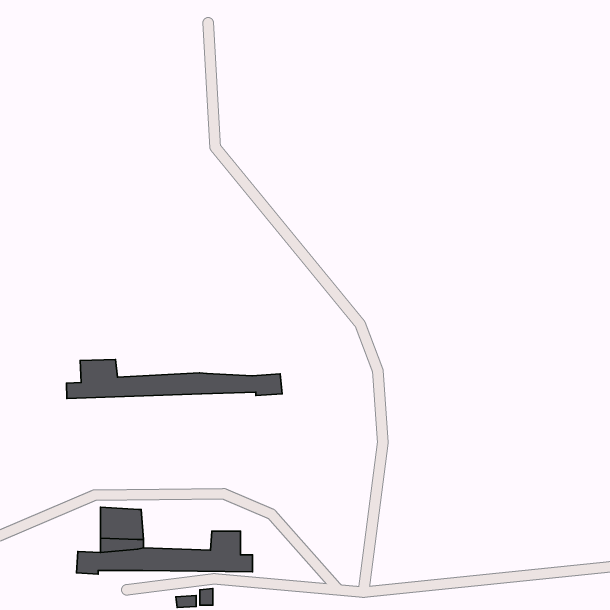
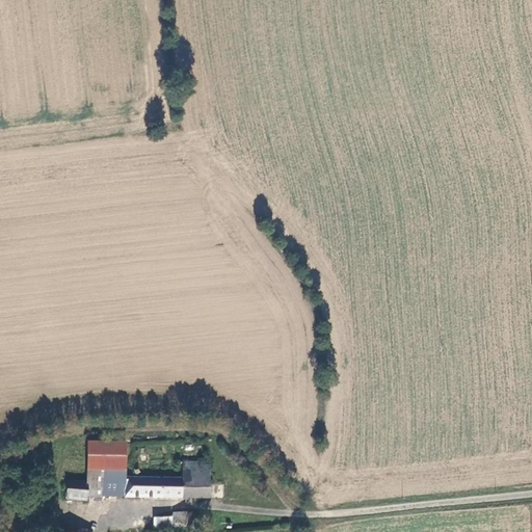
building: [66,359,282,399] -> none

